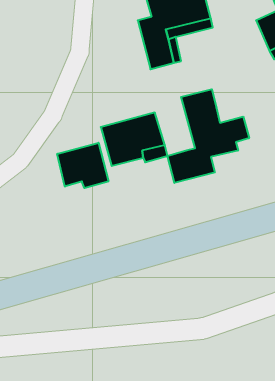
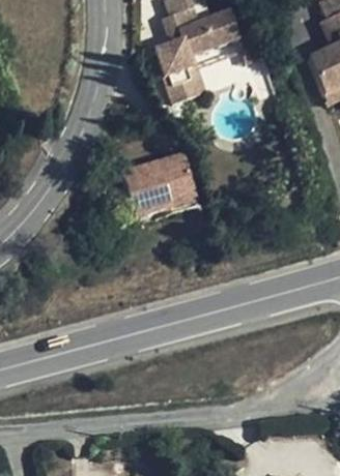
building: [168,89,249,183] -> none
building: [57,143,108,188] -> none

